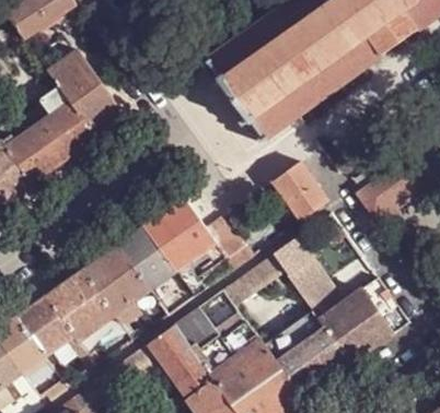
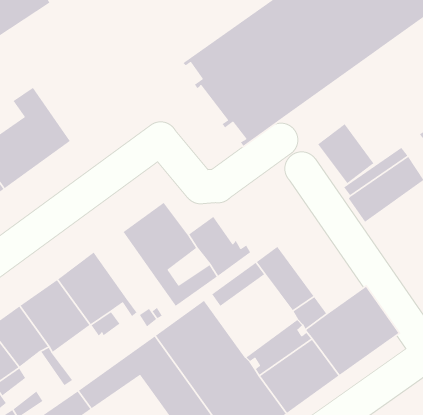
building: [48,52,126,139] -> none
building: [273,162,327,220] -> [317,123,375,184]
building: [117,225,176,288] -> none

